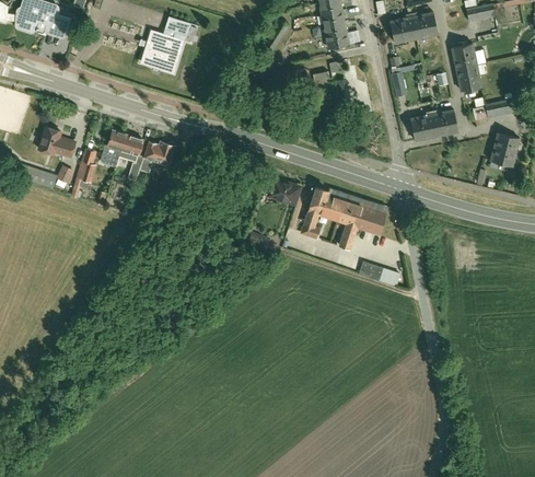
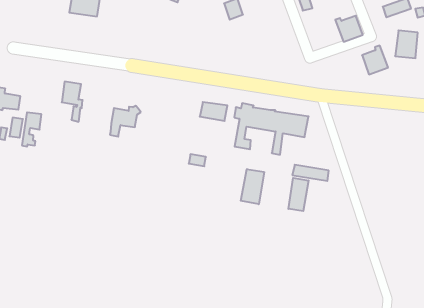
building: [410,110,437,140] -> [362,46,388,74]
building: [103,129,127,166] -> none
building: [140,140,177,172] -> [110,106,141,137]
building: none -> [241,169,264,204]
building: none -> [288,178,309,211]

